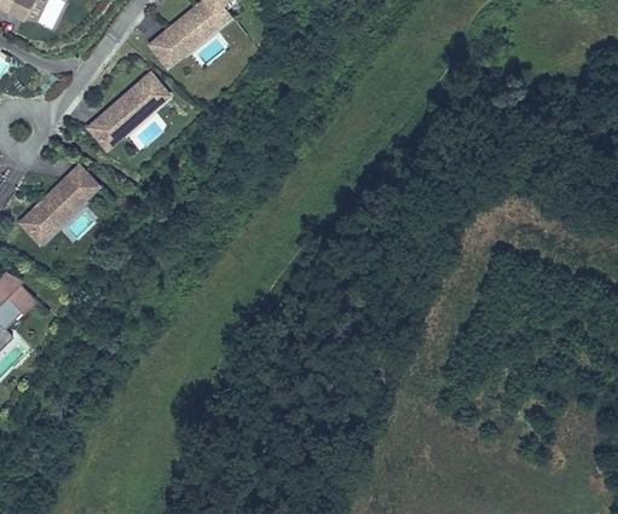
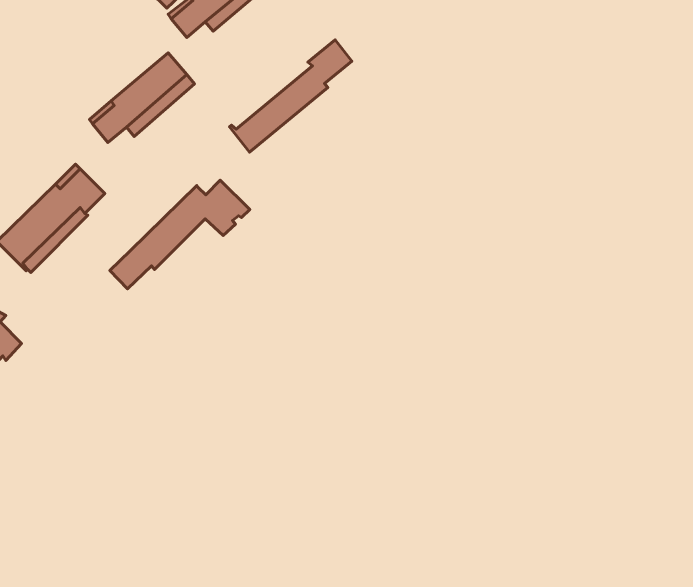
building: none -> [229,40,352,152]
building: none -> [110,180,250,289]

